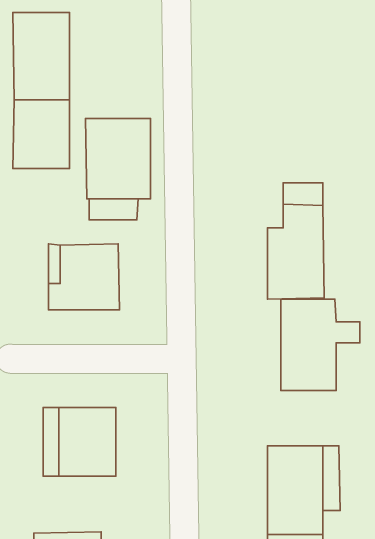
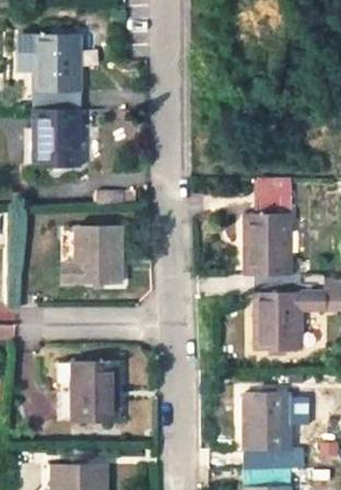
building: [85,118,151,199] -> none

